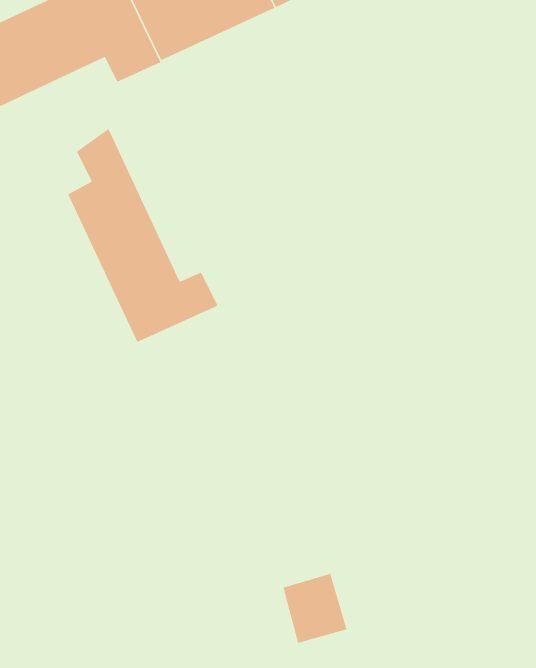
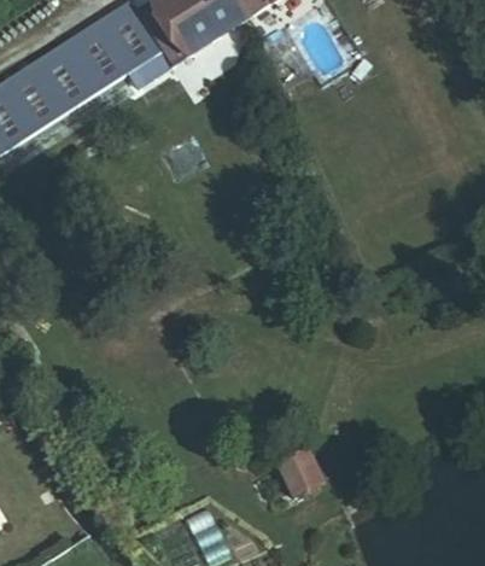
building: [67,128,218,343] -> none

